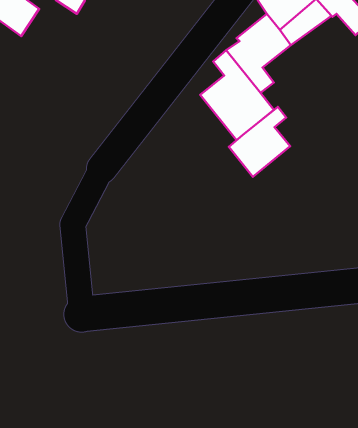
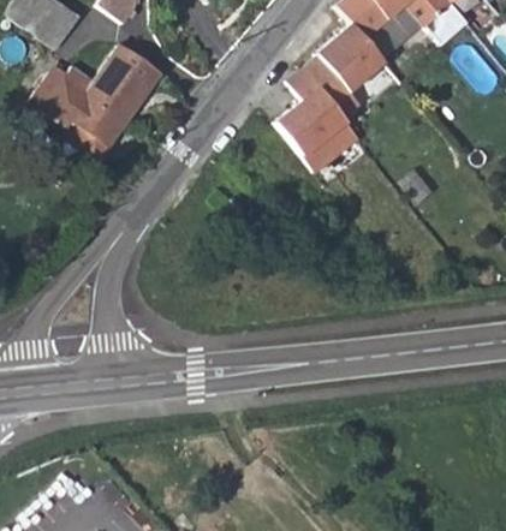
building: none -> [41,44,161,153]
building: [229,107,290,177] -> none

